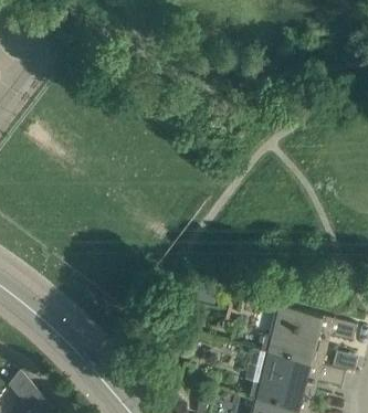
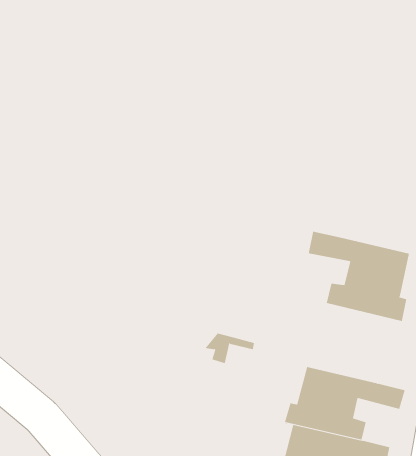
building: none -> [308,231,410,322]

